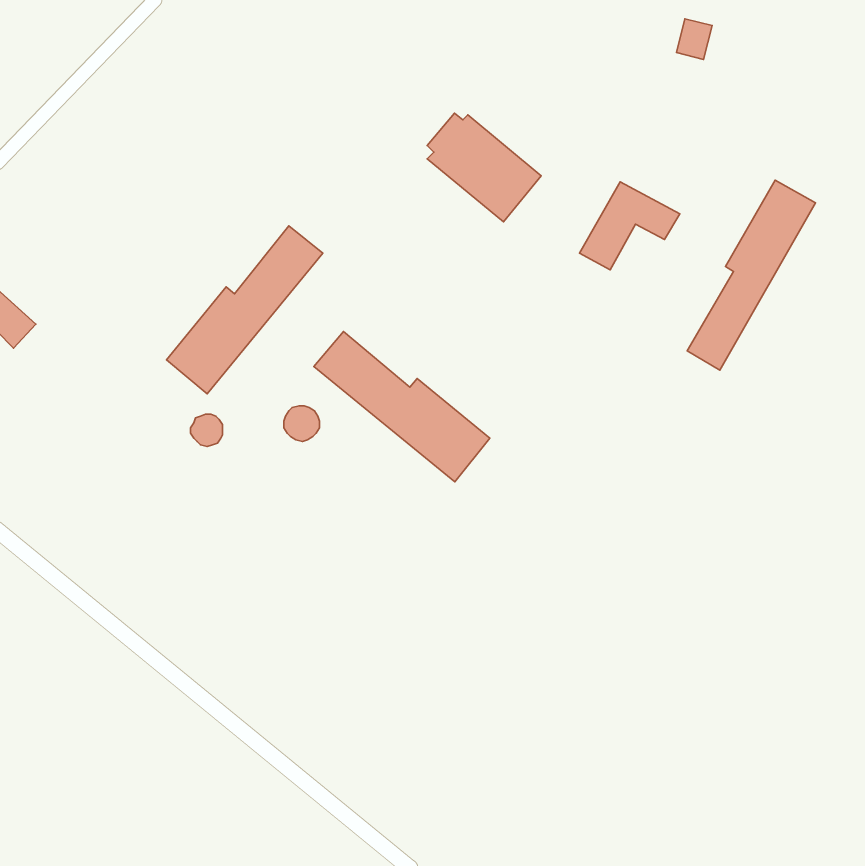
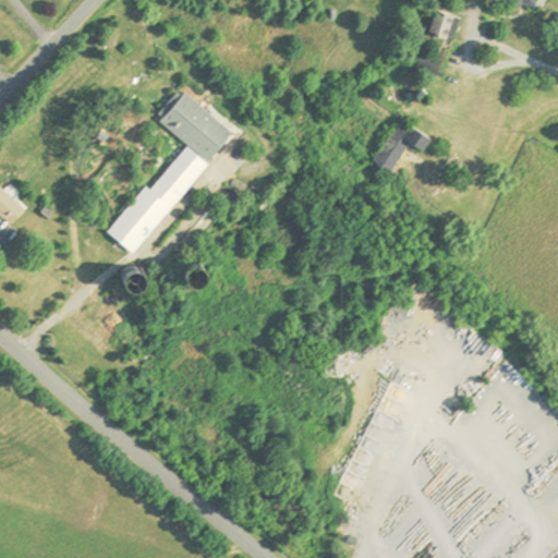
building: [427,113,541,222] -> [157,92,230,161]
building: [687,180,816,370] -> none
building: [314,331,490,482] -> none

